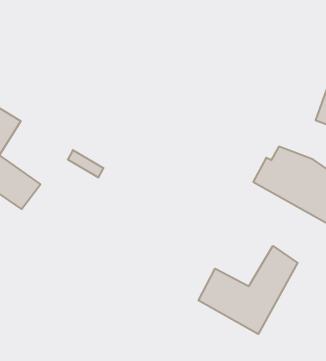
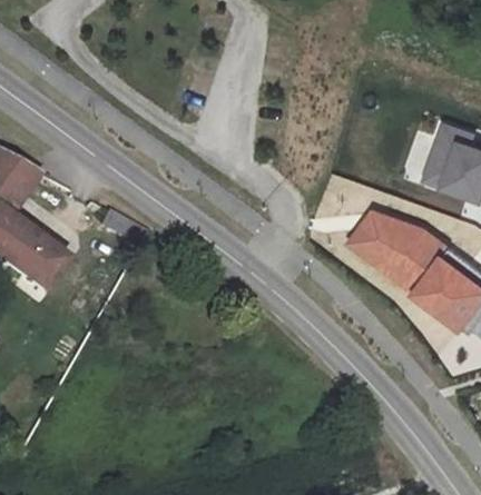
building: [199,246,298,334] -> none

